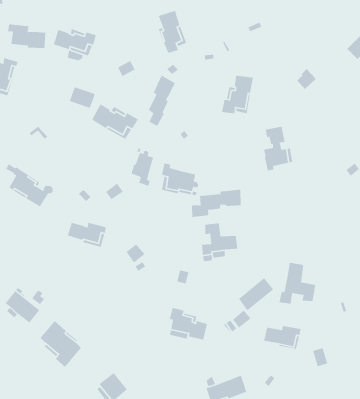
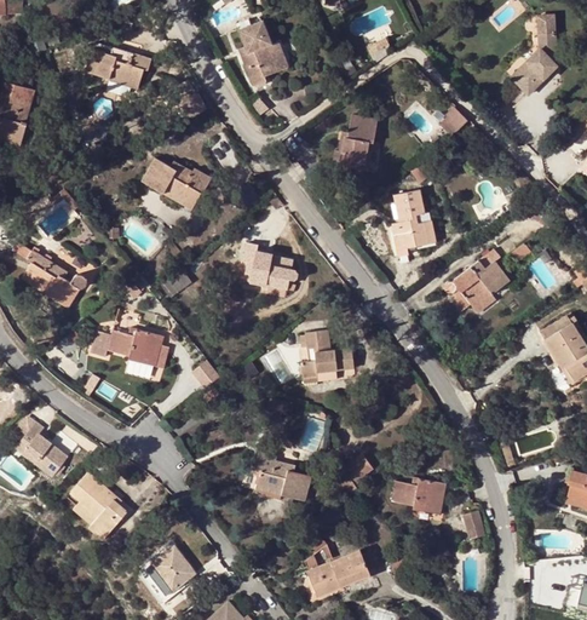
building: [7,24,46,49] -> none
building: [148,74,176,127] -> none
building: [69,86,96,109] -> none
building: [130,148,154,187] -> none
building: none -> [444,248,508,312]
building: [191,189,242,218] -> none
building: [279,262,316,304] -> none
building: [238,277,274,311] -> none

